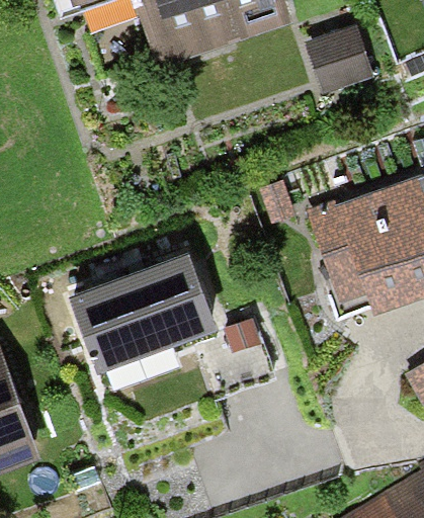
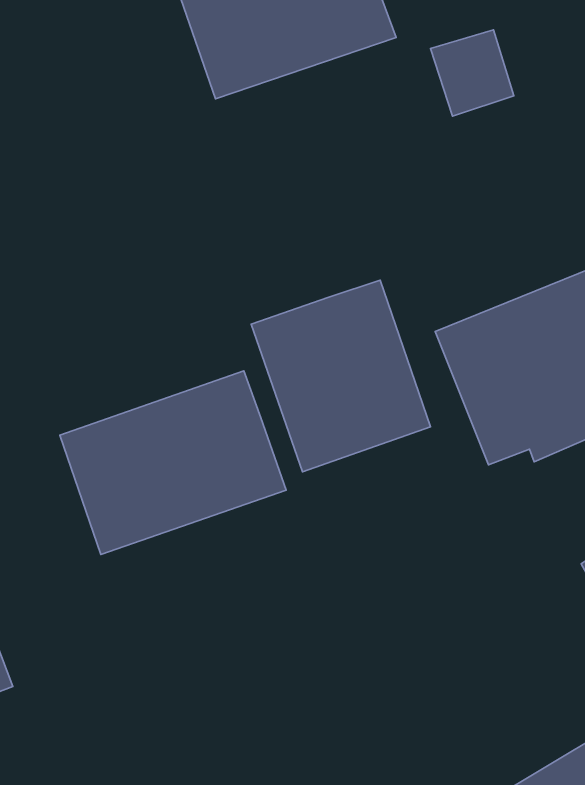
building: none -> [251,280,430,472]

